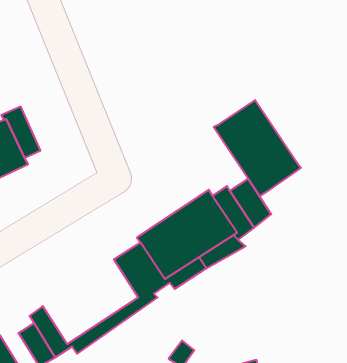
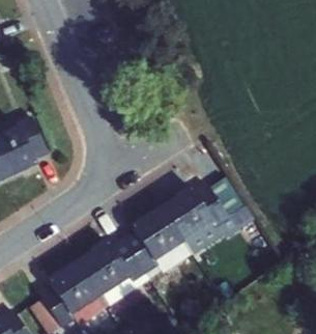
building: [214,100,301,196] -> none
building: none -> [48,241,132,316]

